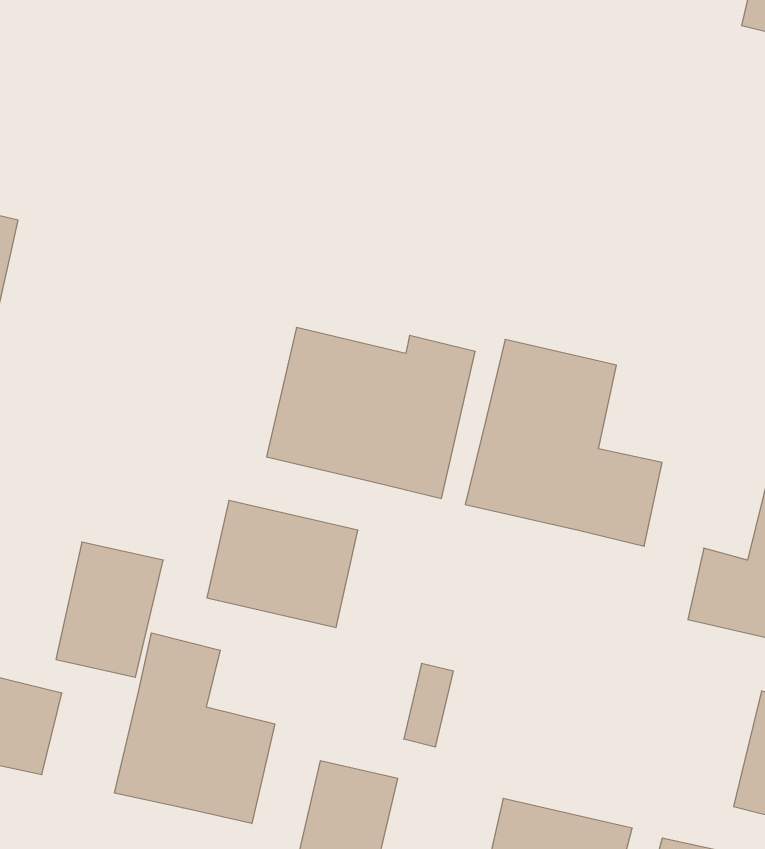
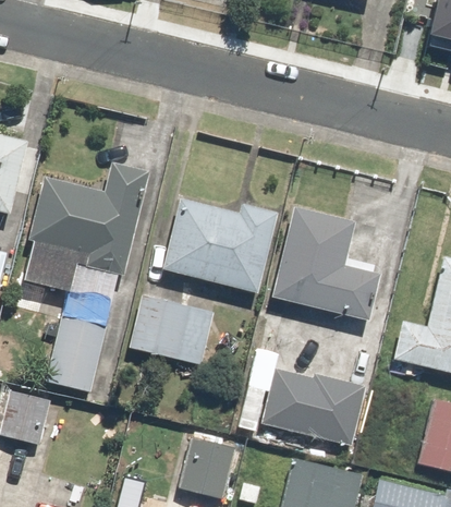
building: none -> [24,162,148,325]
building: none -> [261,365,365,445]
building: [115,633,275,824] -> none

